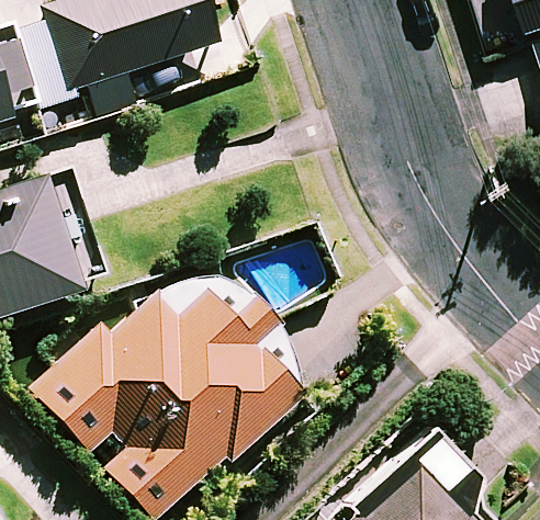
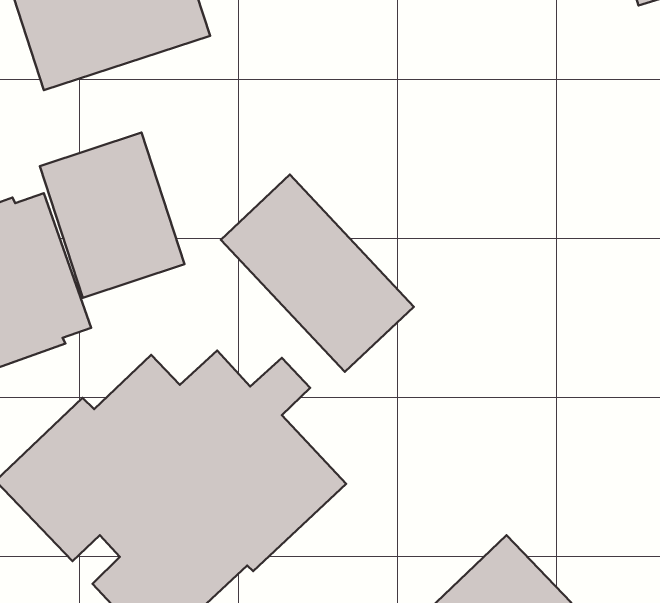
building: none -> [40,133,185,298]
building: none -> [221,175,414,372]

